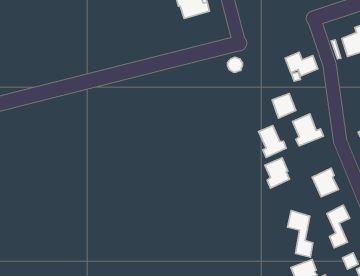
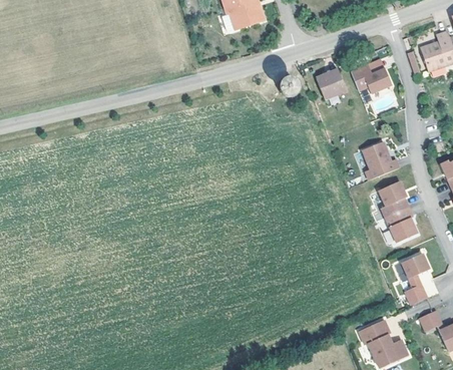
building: [272,93,296,118] -> [317,70,346,100]
building: [259,125,286,158] -> none
building: [265,158,289,188] -> [378,181,408,219]
building: [287,211,313,257] -> none

